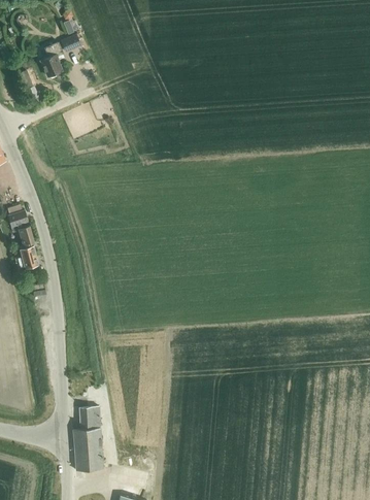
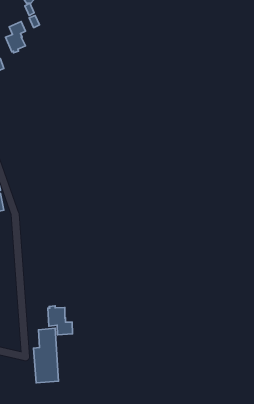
building: none -> [48,306,72,335]

